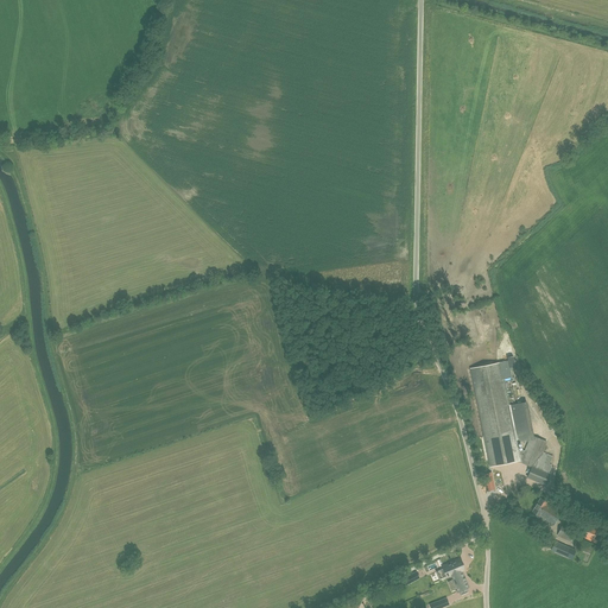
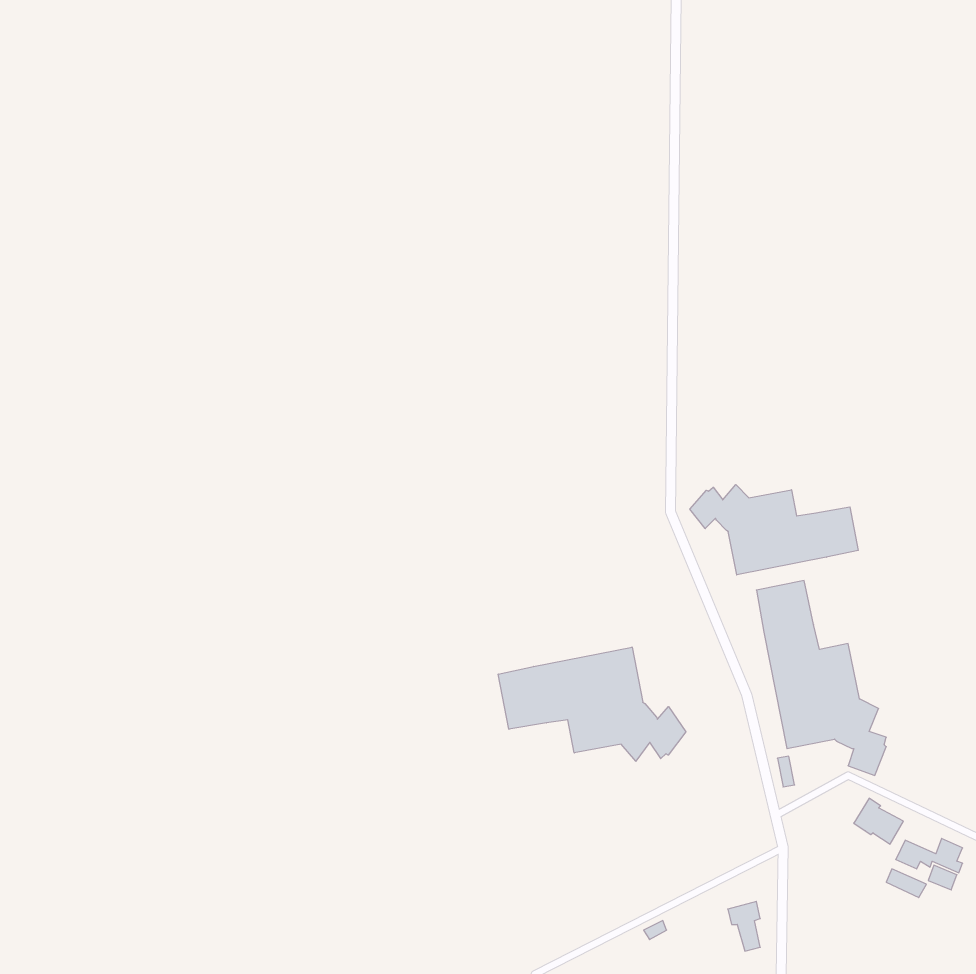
building: none -> [690,485,858,575]
building: none -> [498,647,686,761]

